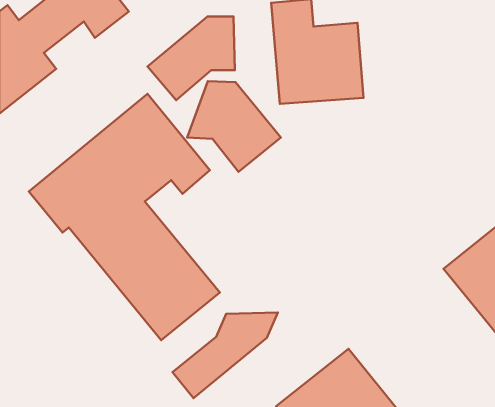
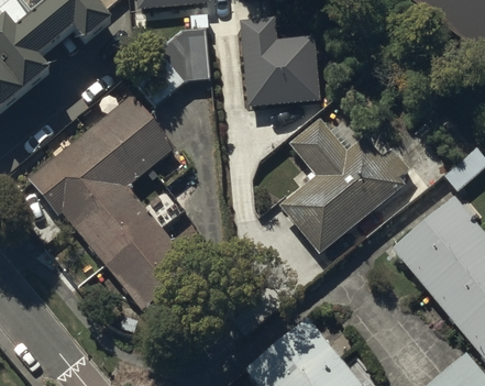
building: [187,81,281,172] -> none
building: none -> [280,119,407,253]
building: [173,313,278,398] -> none

